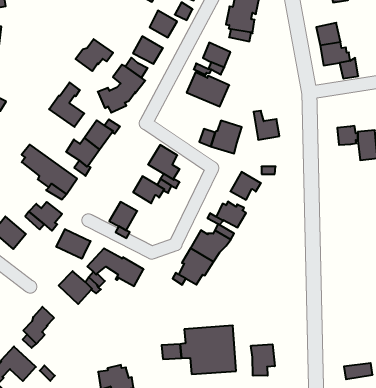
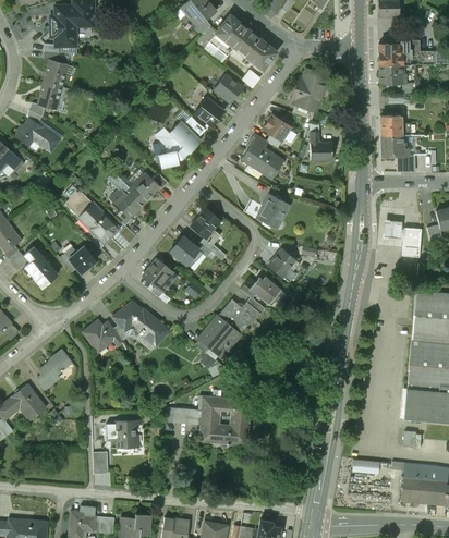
building: [76,39,113,71] -> none
building: [49,82,84,127] -> none
building: [253,111,279,140] -> [310,132,331,160]
building: [56,229,91,259] -> none
building: [251,344,275,376] -> none

